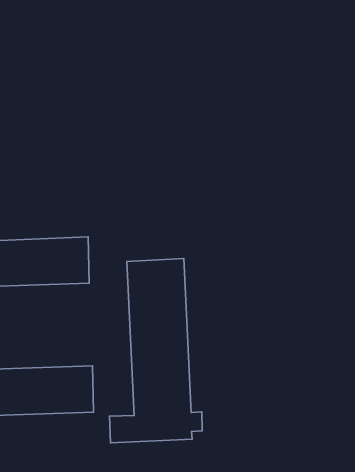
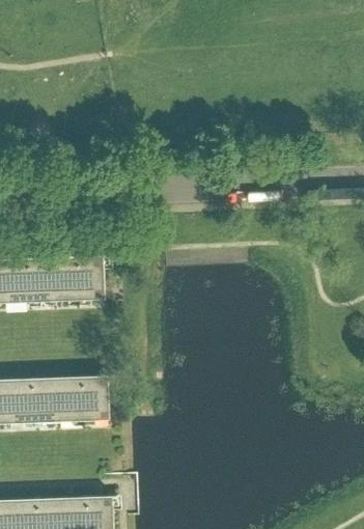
building: [110,258,202,443] -> none

